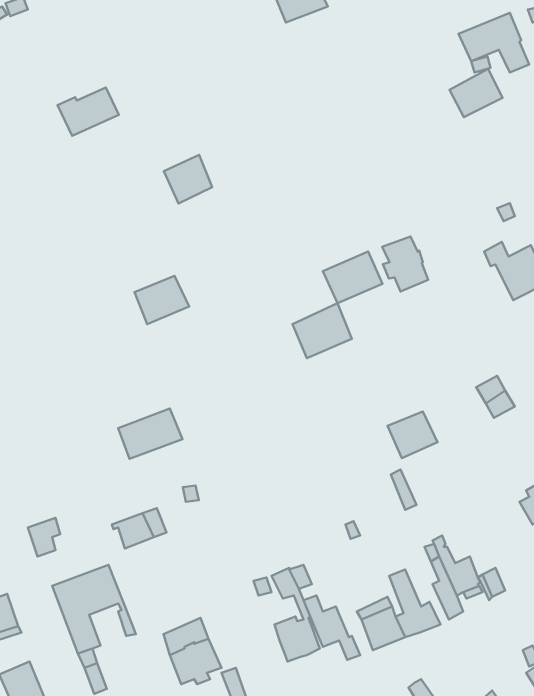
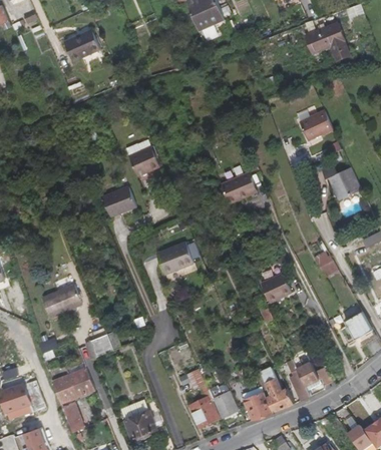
building: [449,69,503,117] -> [298,111,331,141]
building: [58,88,119,136] -> [63,31,101,61]
building: [164,155,212,203] -> [128,145,158,175]
building: [382,236,428,292] -> none
building: [292,303,352,358] -> [157,240,195,274]
building: [118,409,183,459] -> [42,285,82,316]

